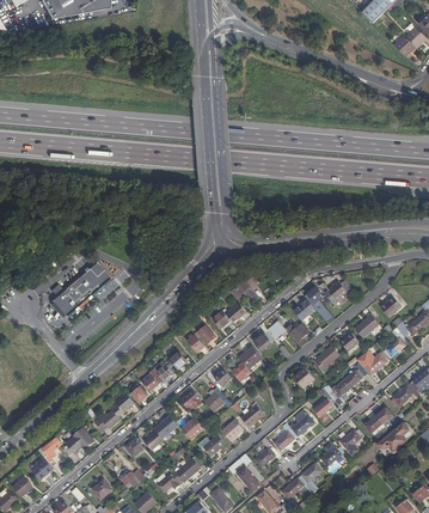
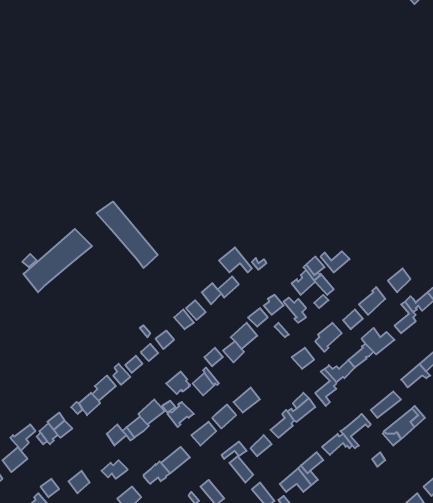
building: none -> [97,202,158,268]

